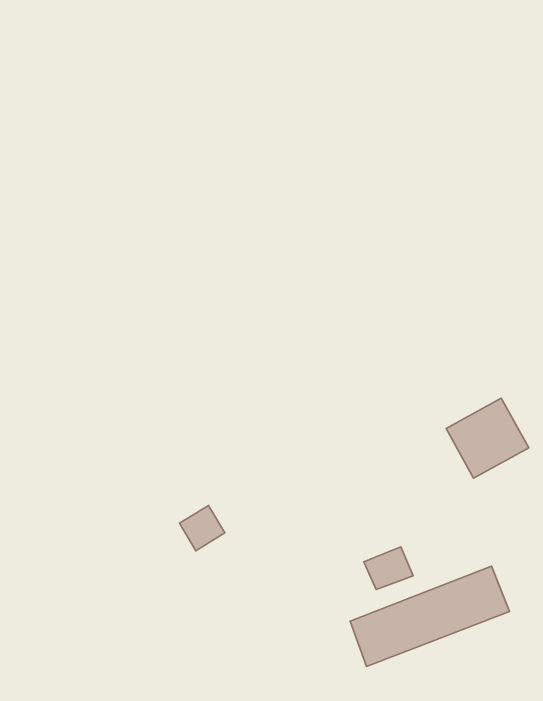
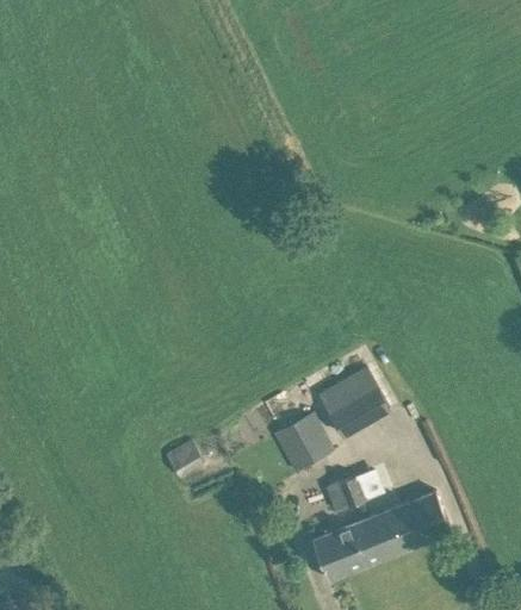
building: [446,398,529,478] -> [318,367,390,436]
building: none -> [274,411,335,472]

